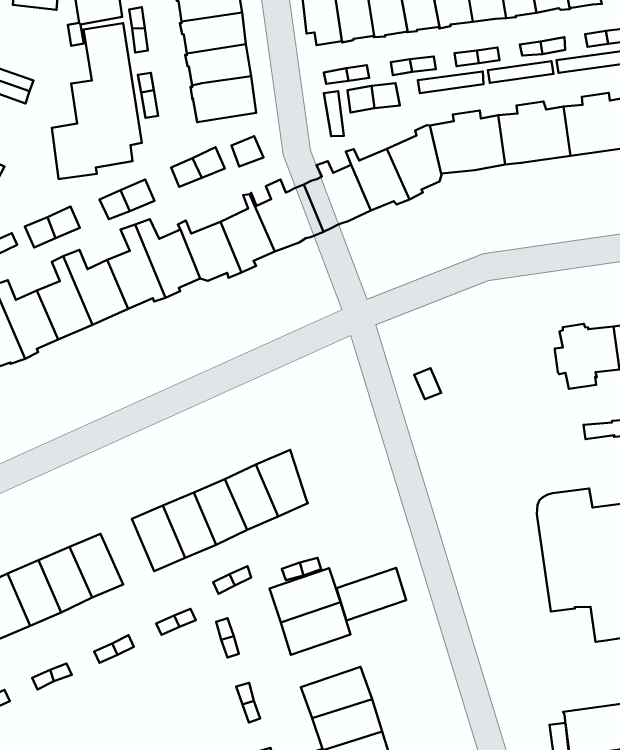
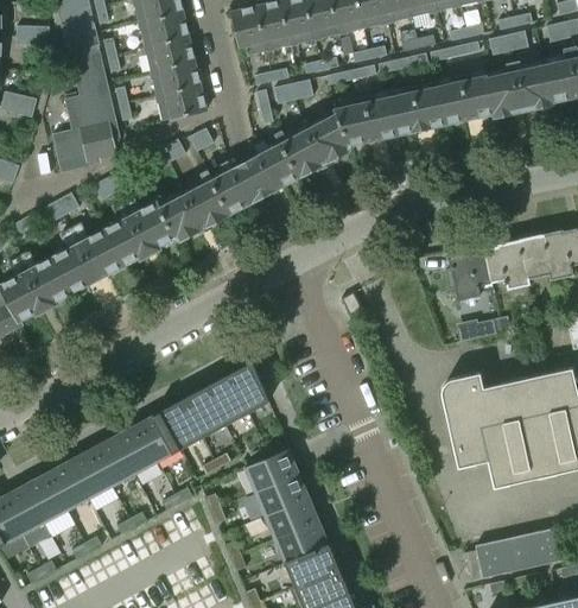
building: none -> [114,424,157,474]
building: [336,568,406,621] -> [265,498,318,540]

